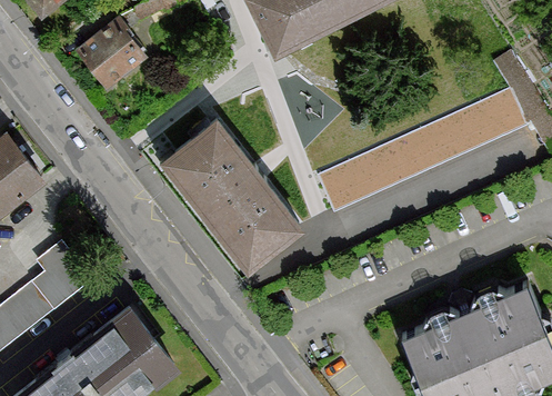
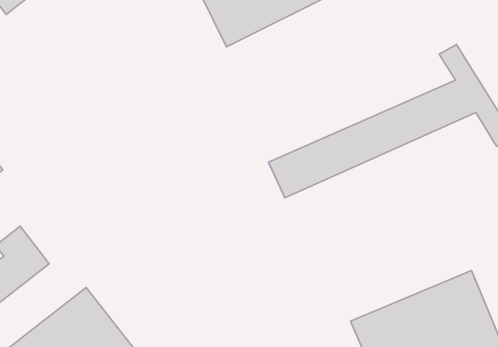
building: [73,18,144,90] -> none
building: [158,118,302,274] -> none

